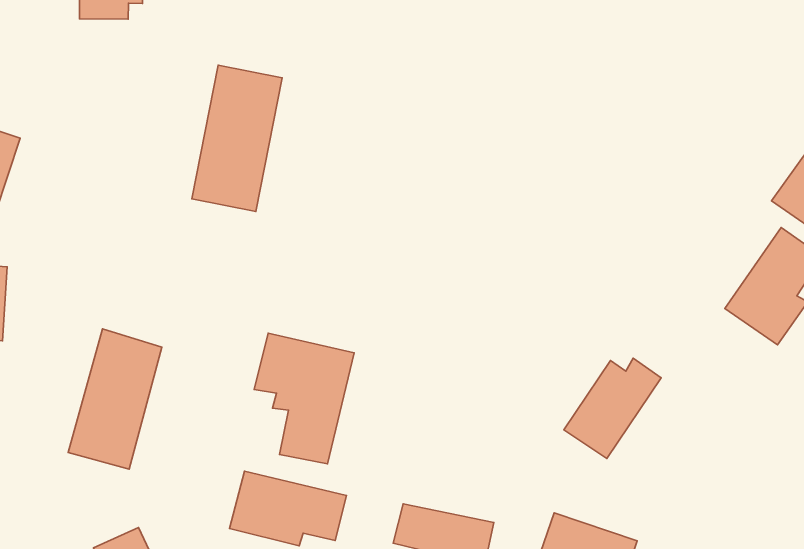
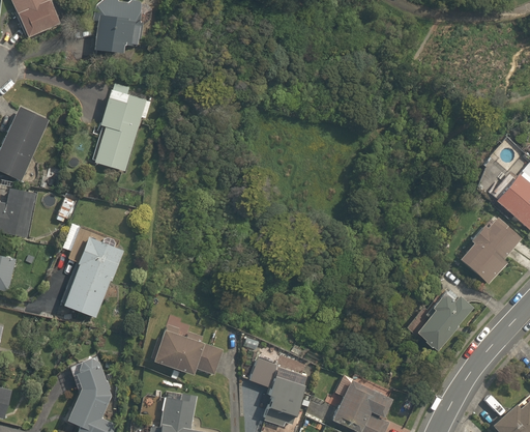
building: [192,65,282,211] -> [89,82,150,171]
building: [254,333,354,464] -> none
building: [564,358,661,458] -> [413,294,474,352]

